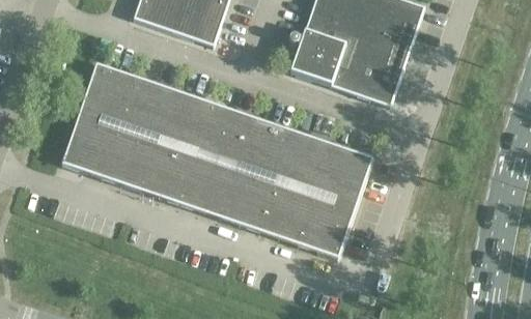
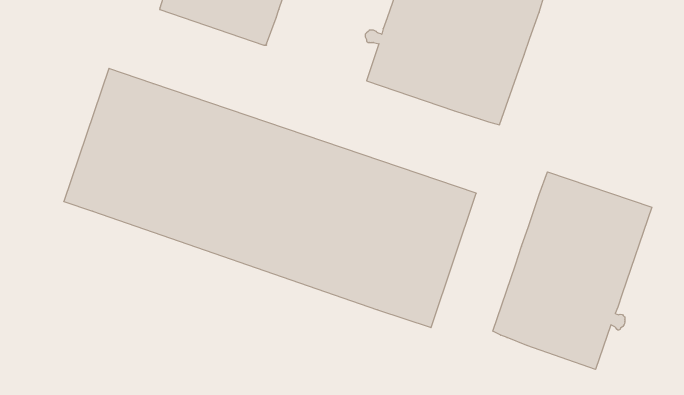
building: none -> [493,172,652,369]

